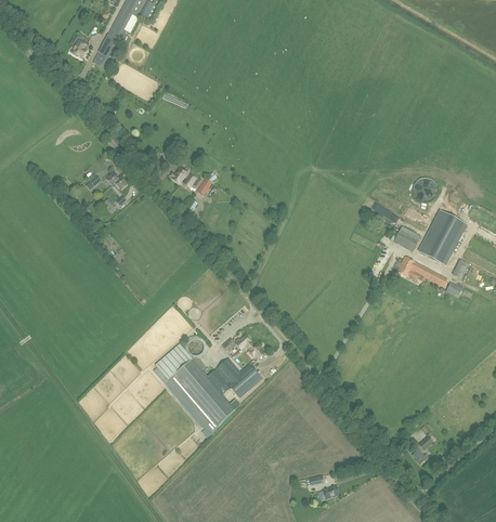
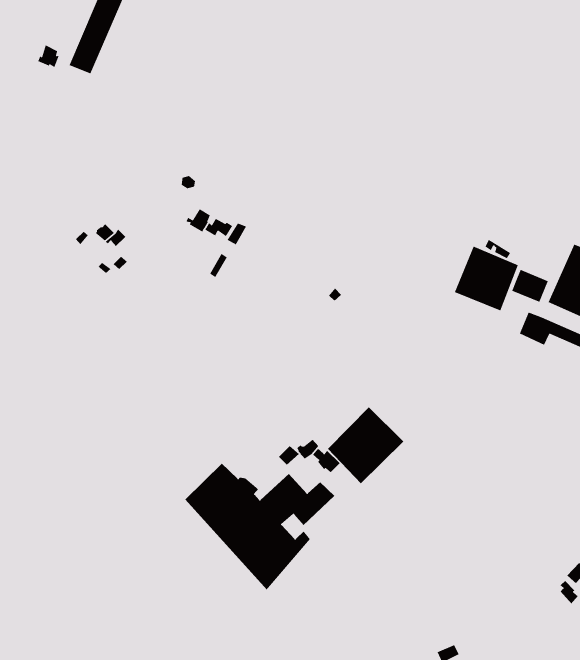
building: none -> [454,245,519,311]
building: none -> [327,406,404,484]

